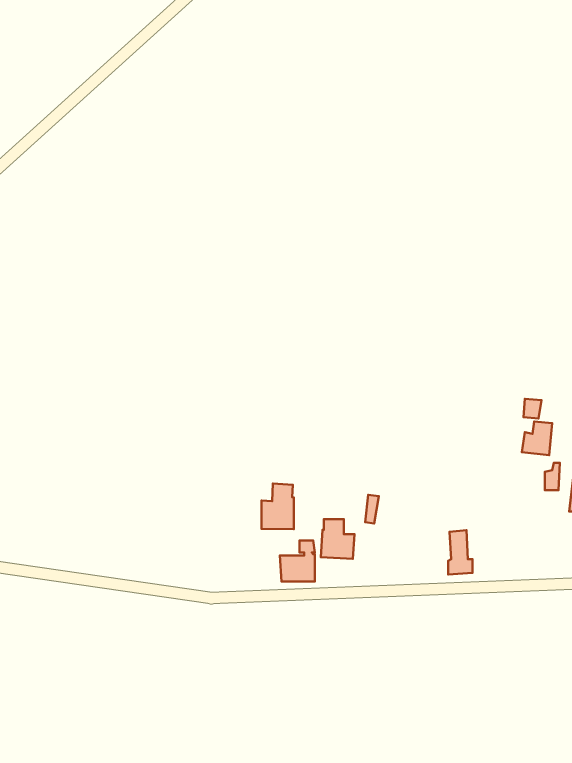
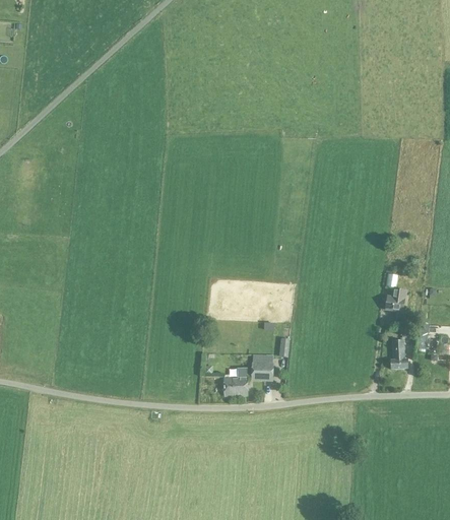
building: [261,484,294,529] -> none
building: [448,530,472,574] -> [391,338,407,368]

